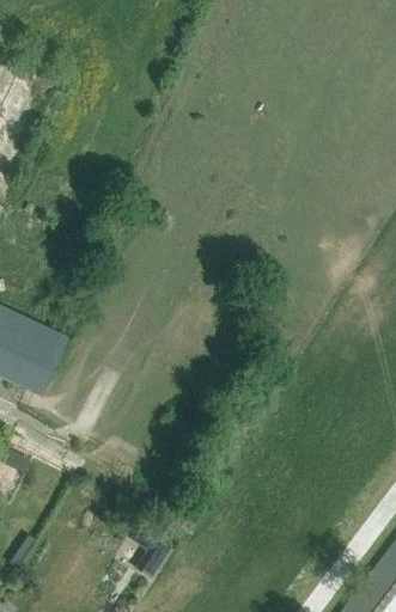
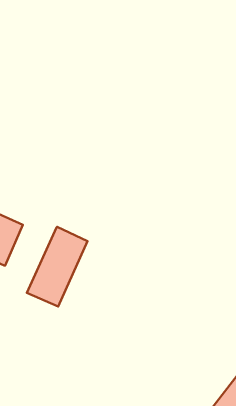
building: none -> [27,227,88,306]

